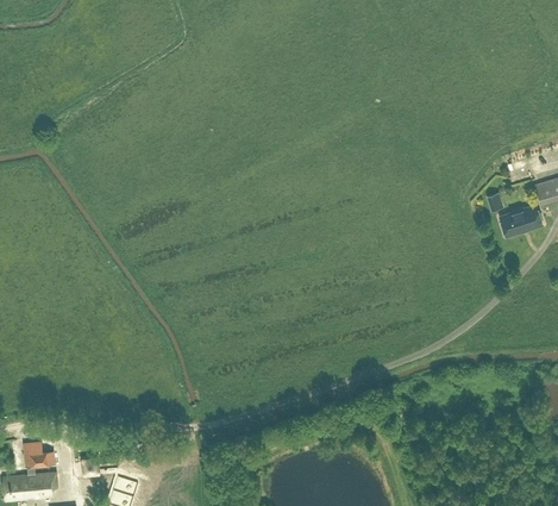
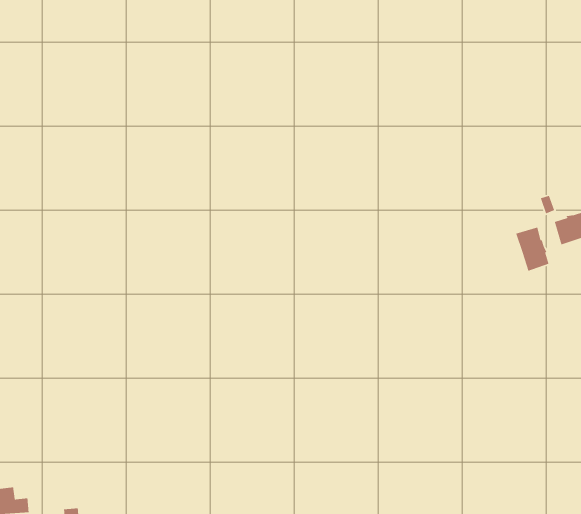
building: none -> [515,227,550,272]

